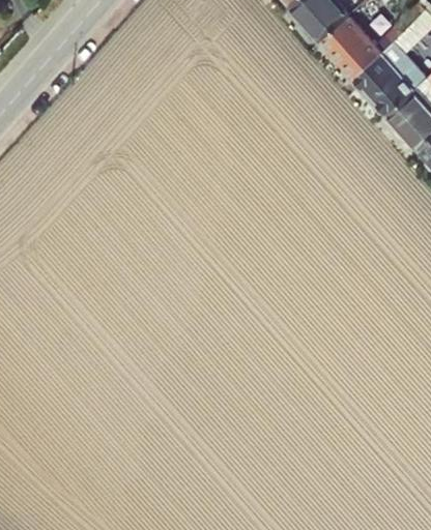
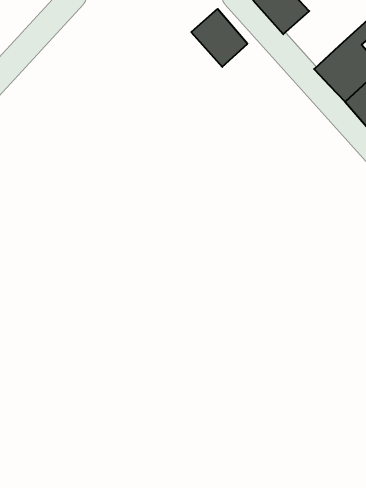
building: [320,18,380,80] -> [191,9,247,67]

